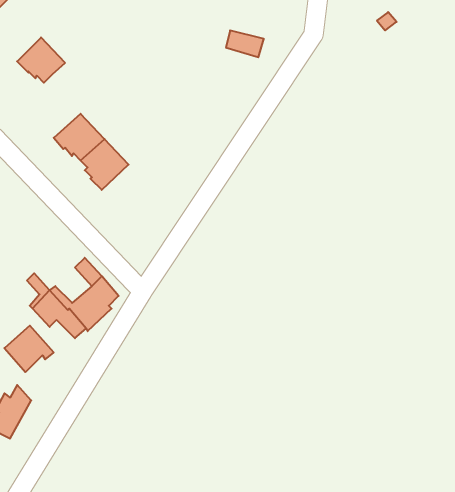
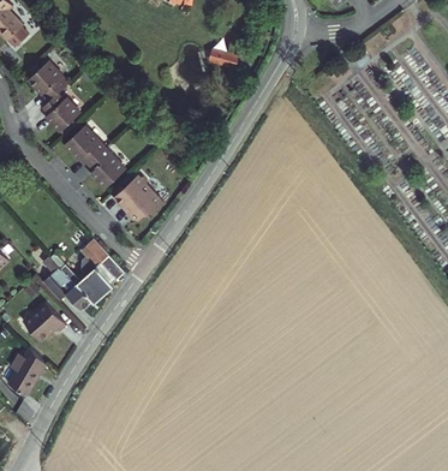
building: none -> [44,88,83,129]
building: none -> [112,171,163,217]

